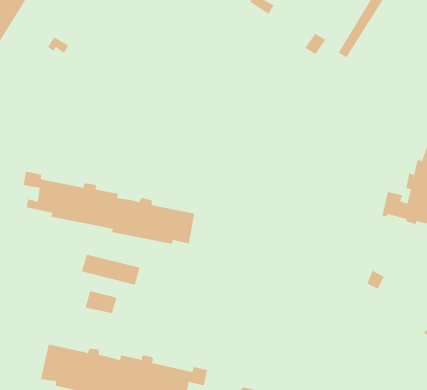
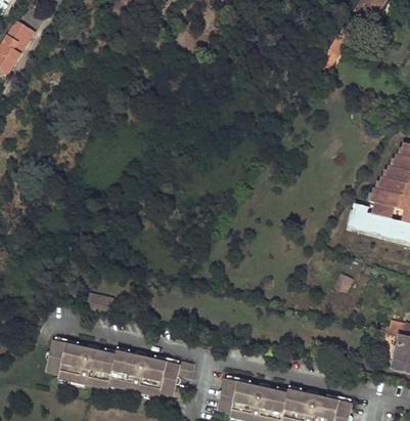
building: [23,171,195,245] -> none
building: [81,254,140,285] -> none

